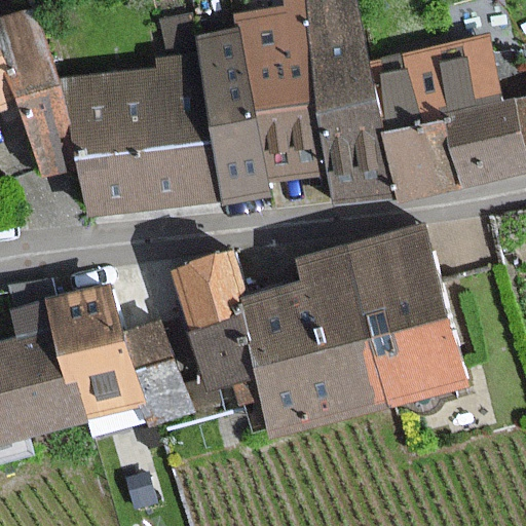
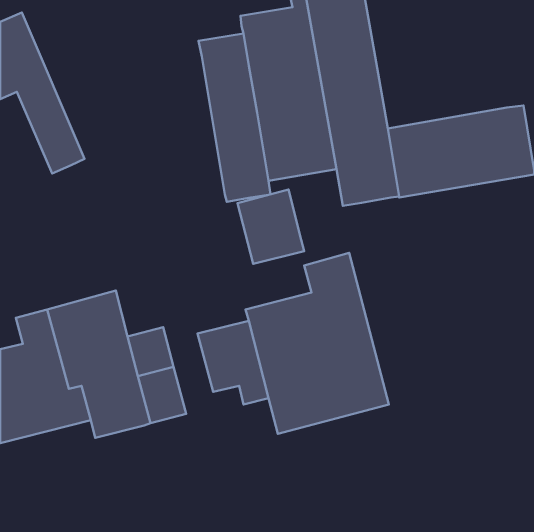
building: [371,46,498,126] -> none
building: [74,55,221,213] -> none
building: [343,229,458,398] -> none
building: [179,255,245,328] -> [237,190,304,264]

